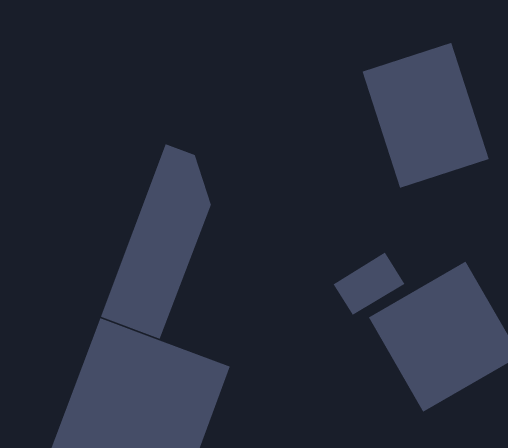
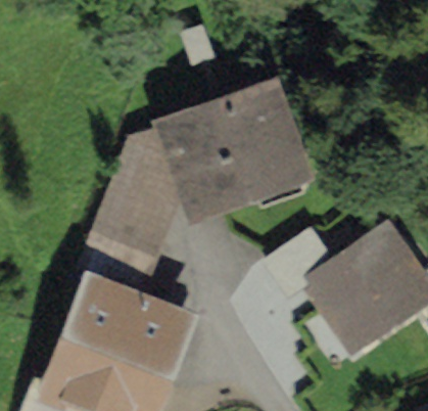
building: [362,42,490,189] -> none
building: none -> [164,91,301,218]

